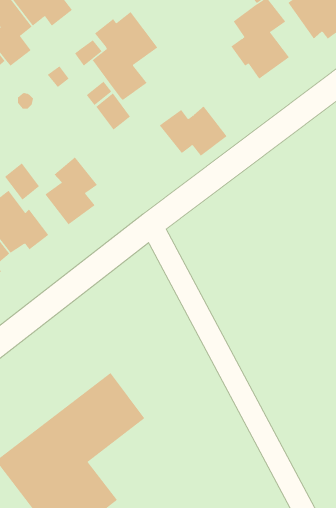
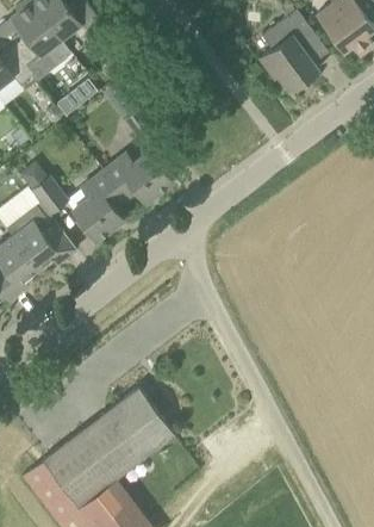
building: [92,11,158,101] -> none
building: [159,105,228,156] -> [104,150,173,202]

